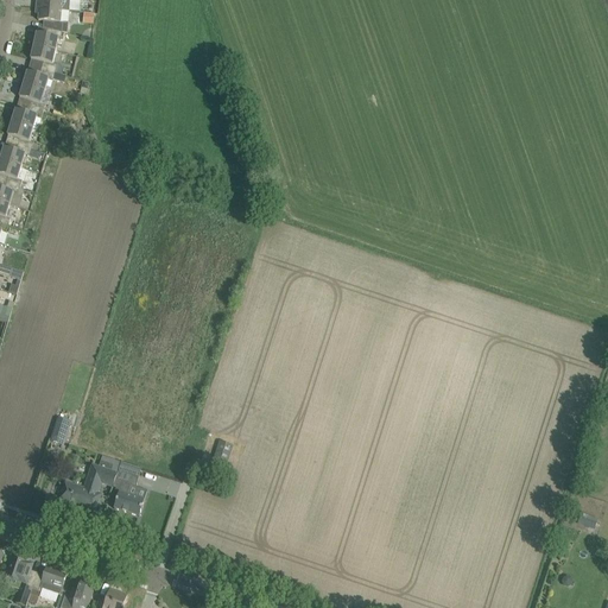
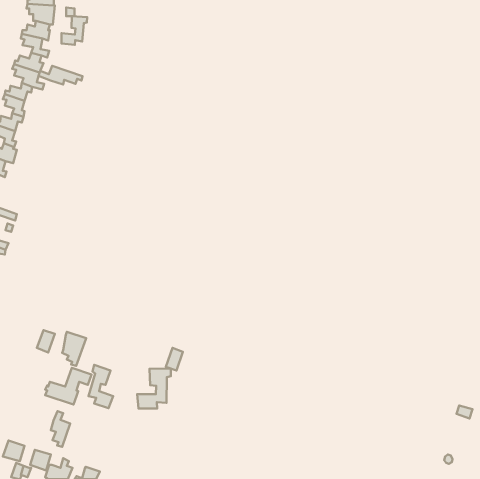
building: none -> [61,16,87,45]
building: none -> [39,66,82,84]
building: none -> [62,332,86,366]
building: none -> [137,369,171,409]
building: none -> [51,411,70,447]

